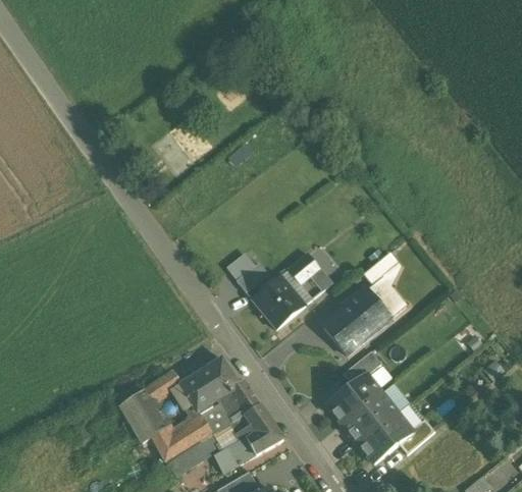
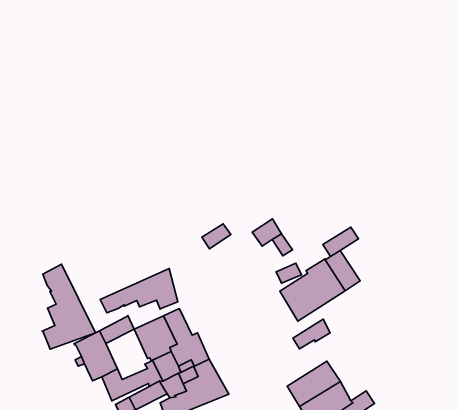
building: [252,275,305,328] -> none
building: none -> [100,268,178,313]
building: none -> [42,264,96,349]
building: [326,372,380,423] -> none

